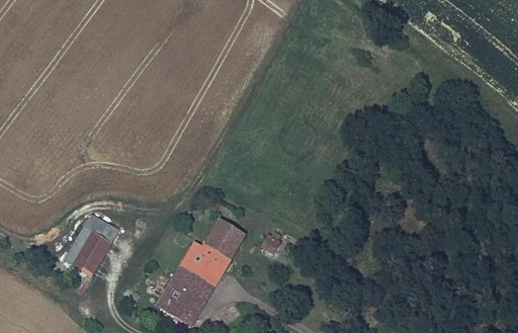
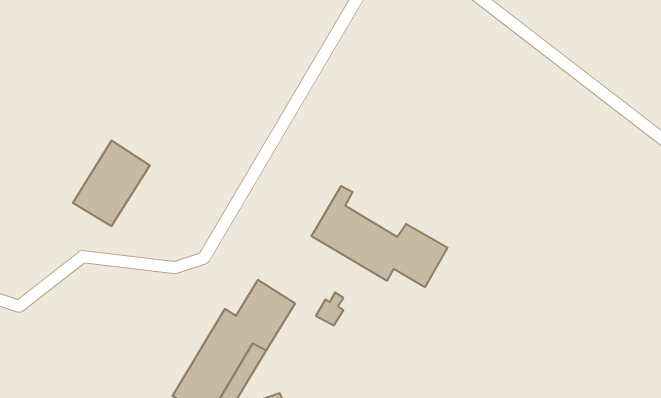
building: none -> [311,186,447,287]
building: [65,213,121,275] -> [73,141,150,226]

